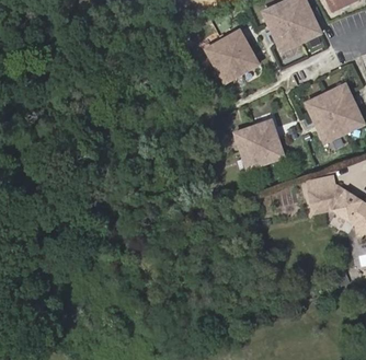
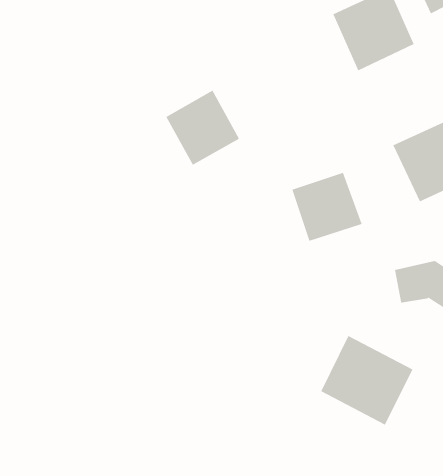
building: [207,30,259,82] -> [166,90,240,166]
building: none -> [321,335,413,425]

